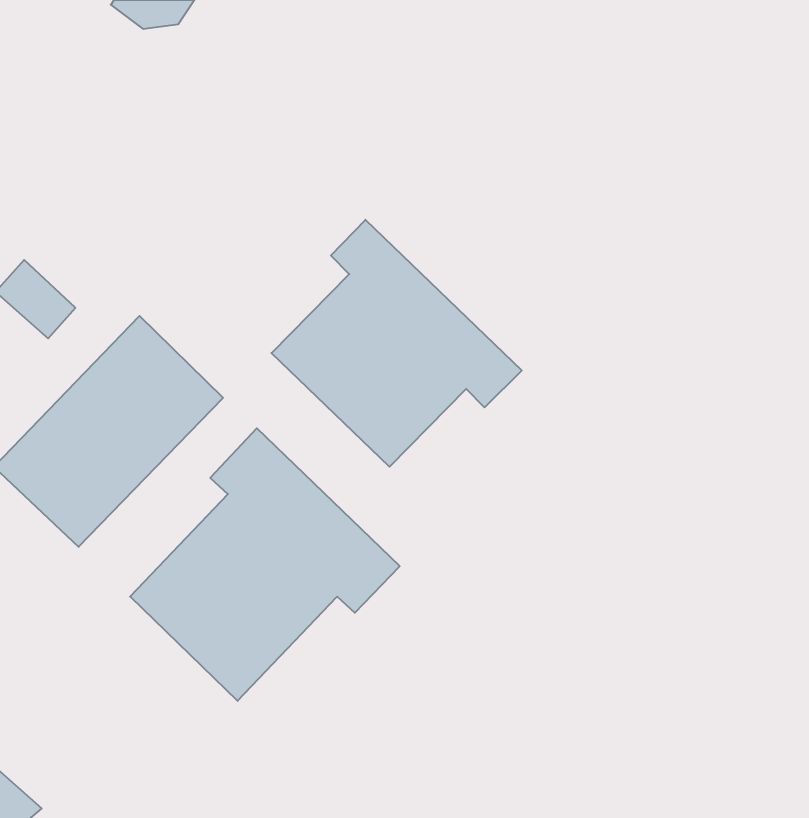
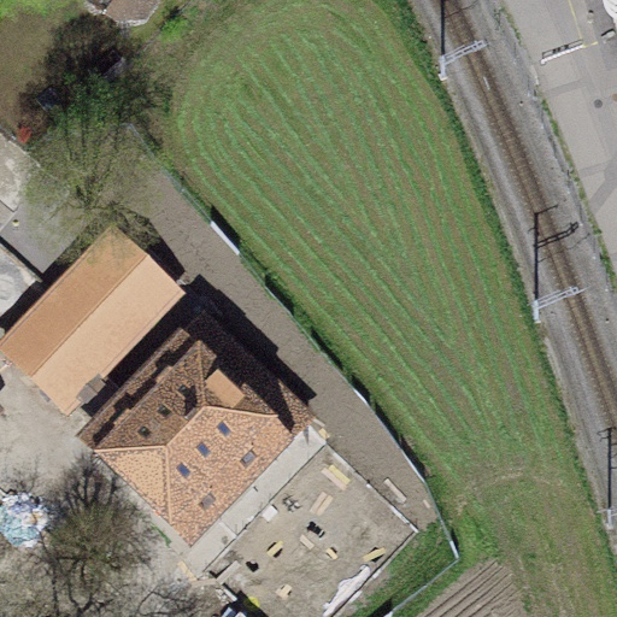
building: [271,220,522,467] -> none

